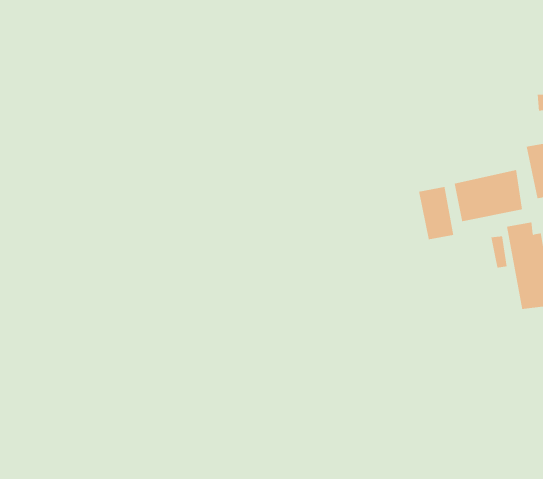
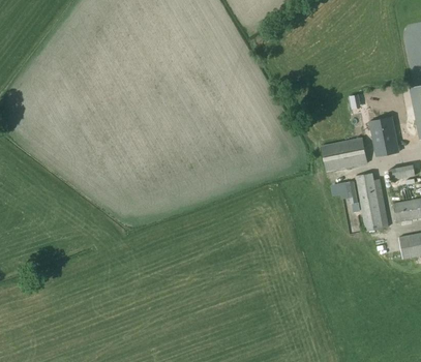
building: [418,186,454,240] -> none

